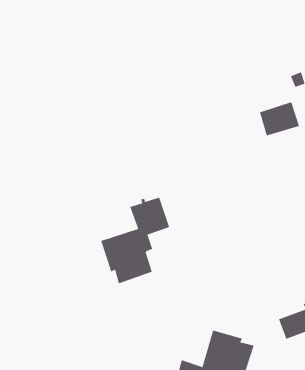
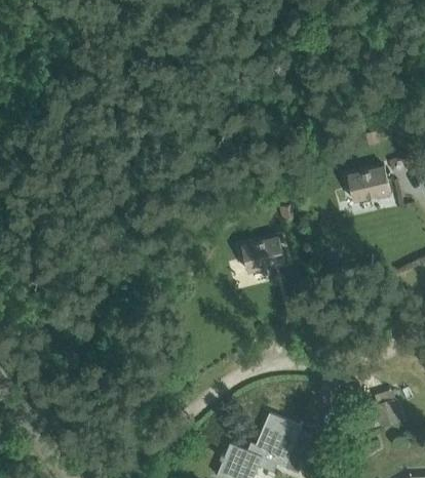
building: none -> [242,236,286,272]
building: [101,197,170,284] -> none

